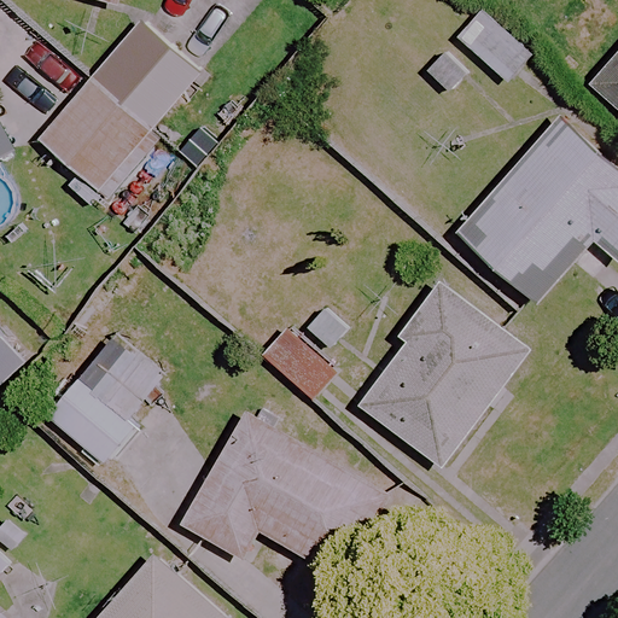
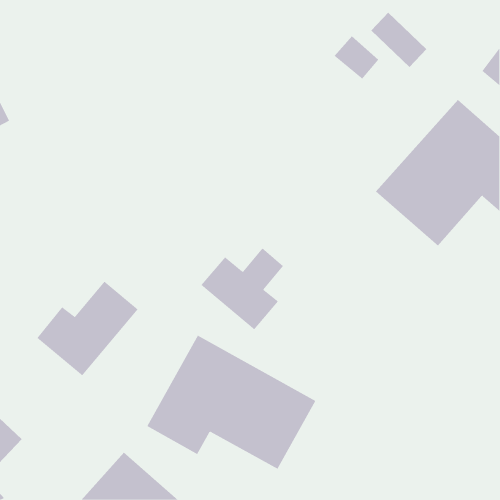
building: [39,22,197,221] -> none
building: [357,280,529,466] -> none

